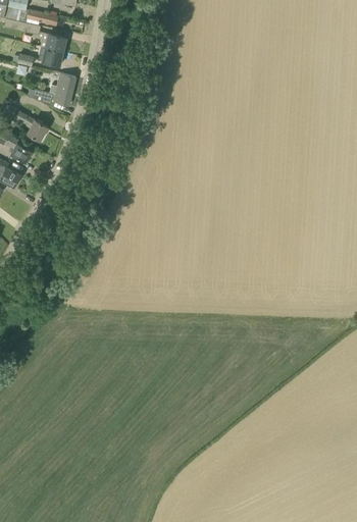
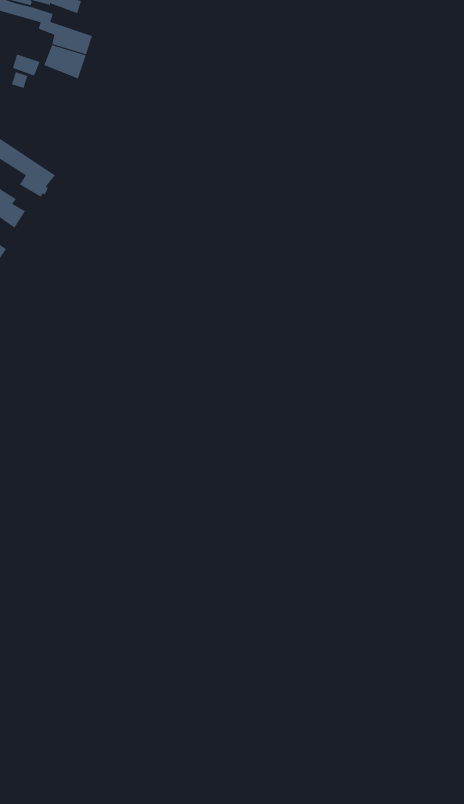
building: [32,71,75,106] -> none

